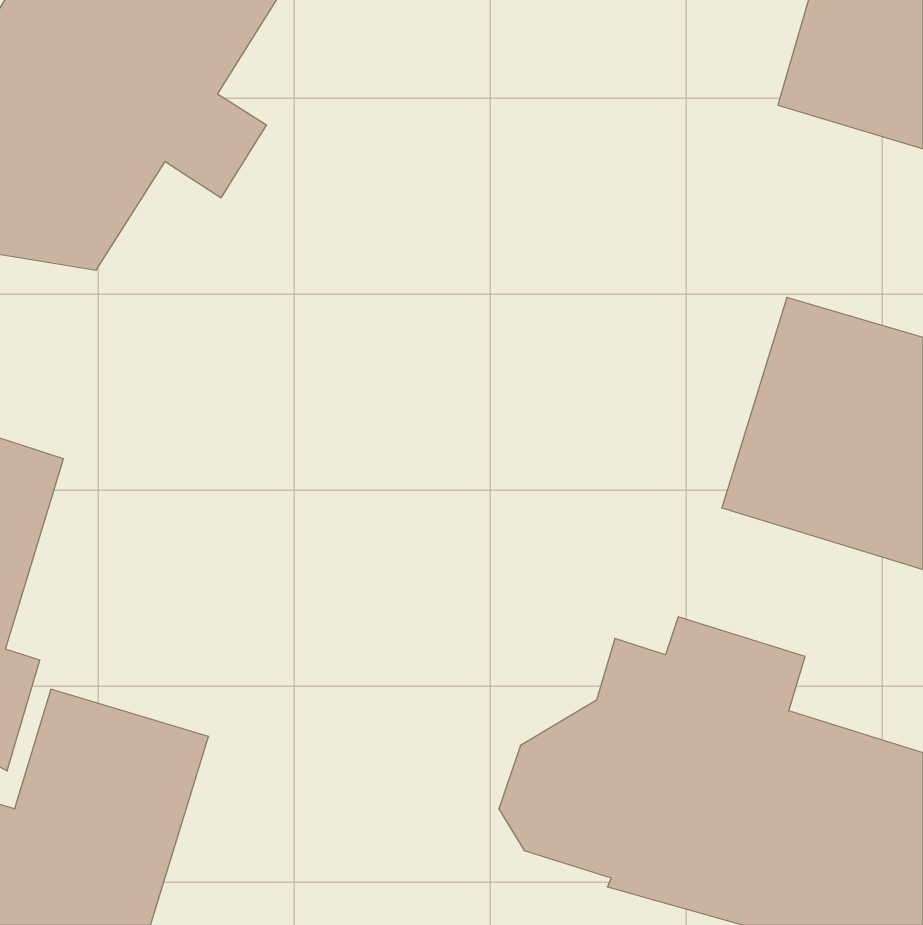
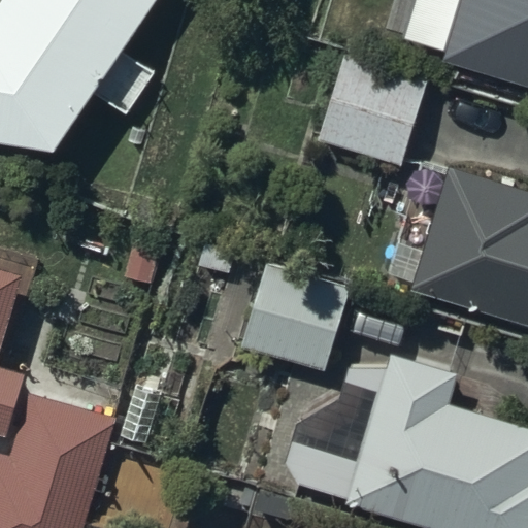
building: none -> [318,56,427,166]
building: none -> [241,262,349,371]

